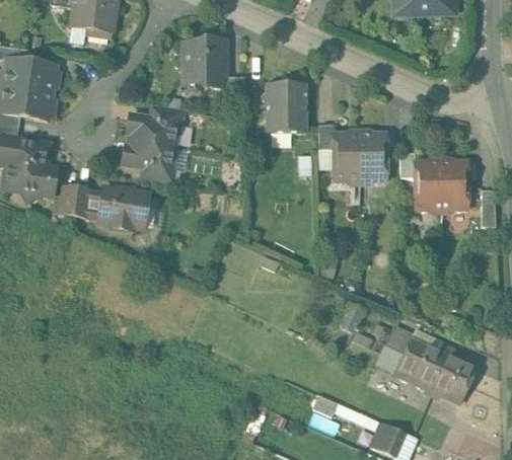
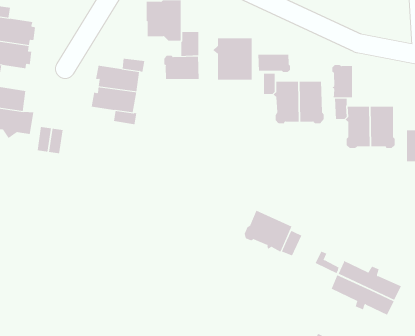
building: none -> [258,54,291,73]
building: none -> [164,55,199,80]
building: none -> [332,64,352,98]
building: [97,186,149,231] -> none
building: none -> [244,210,292,252]

